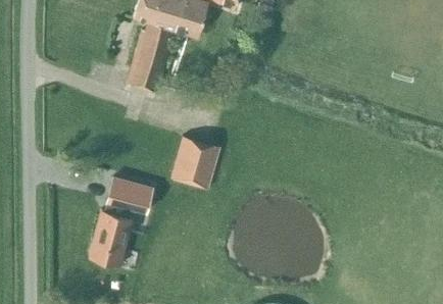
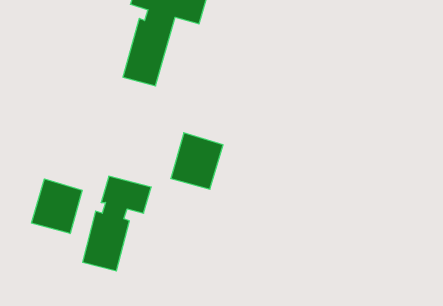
building: none -> [32,179,82,234]

